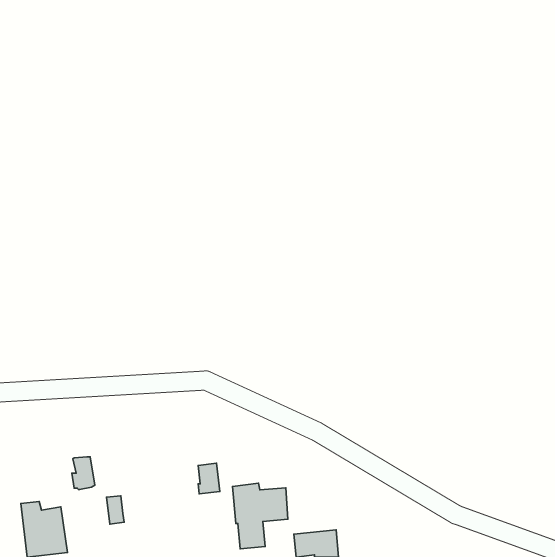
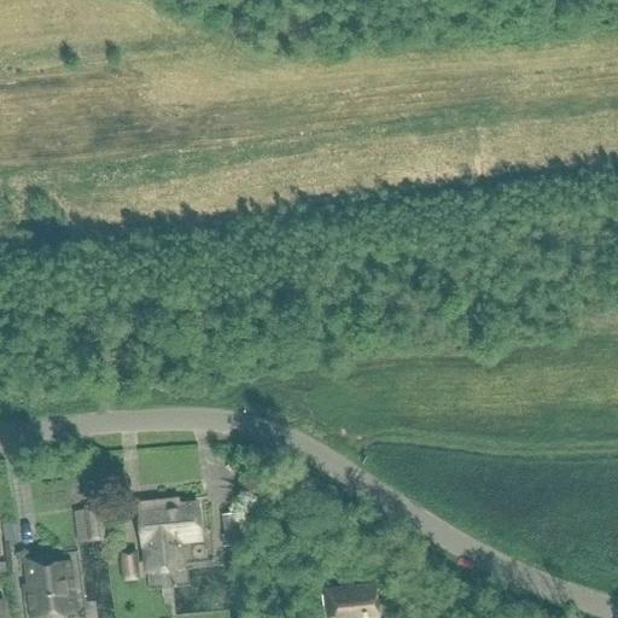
building: [232,483,288,549] -> [138,499,199,571]

